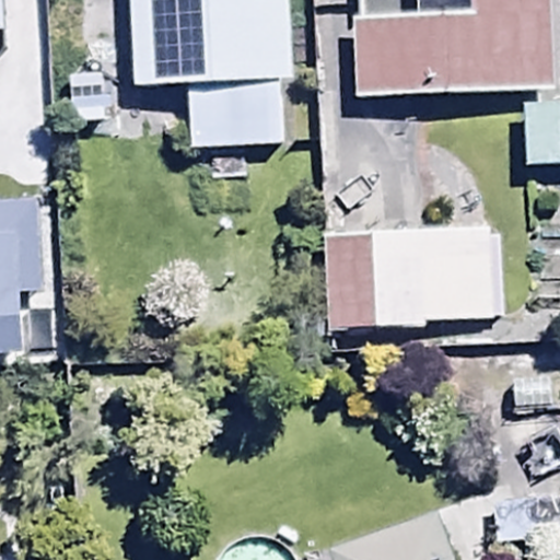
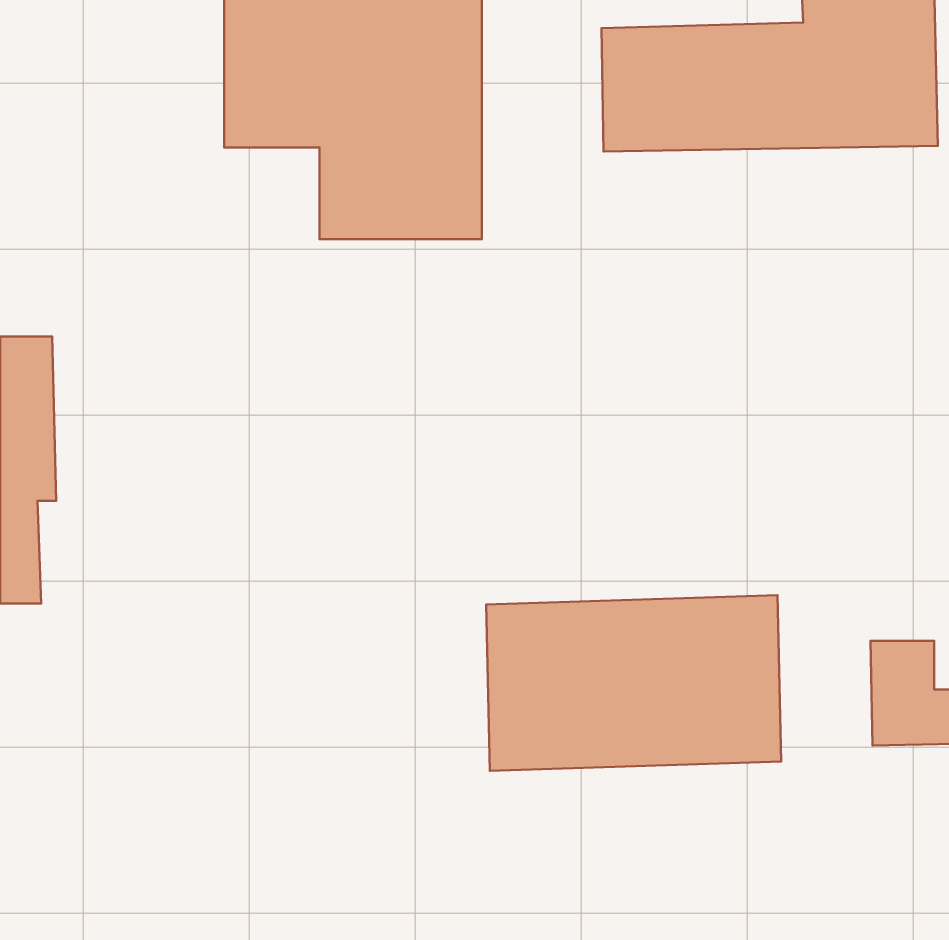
building: [325,226,498,329] -> [486,595,781,771]

